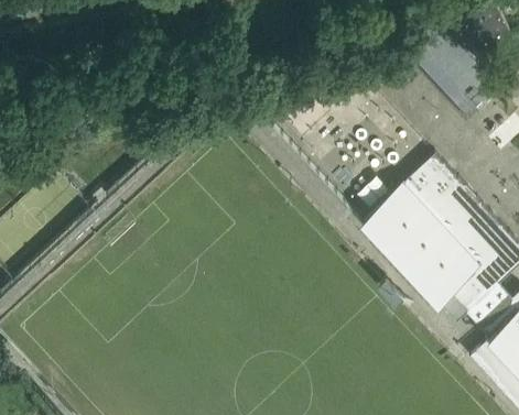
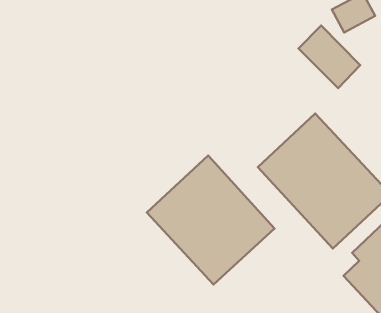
building: none -> [147,156,275,284]

